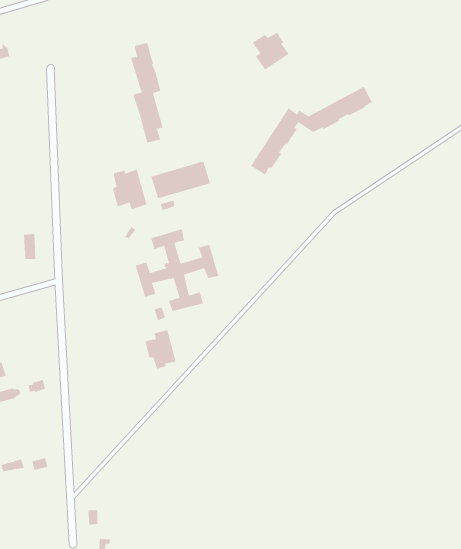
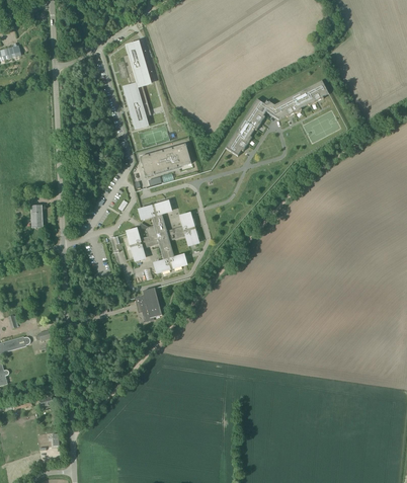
building: [252,27,289,71] -> none
building: [107,169,148,210] -> none

